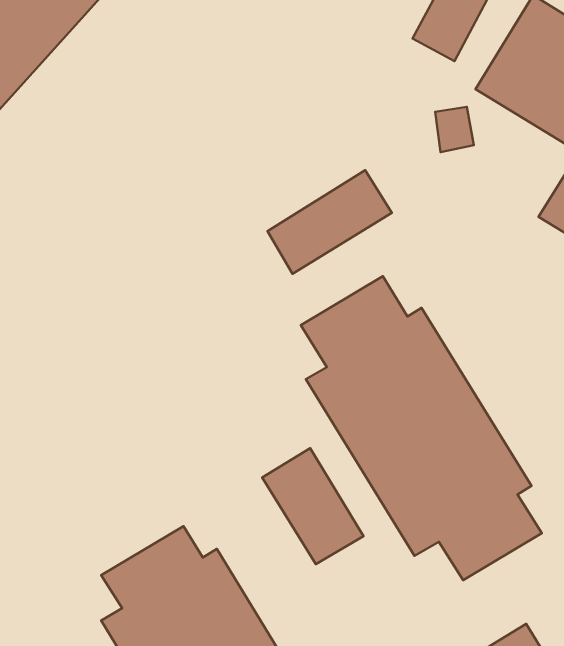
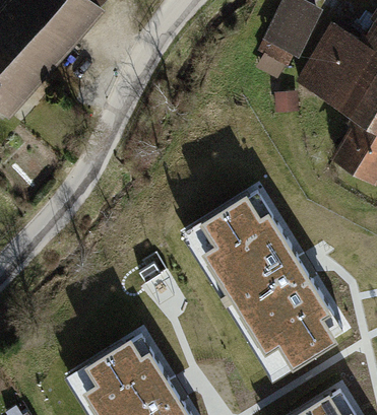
building: [268,170,392,274] -> none
building: [262,448,364,564] -> none

